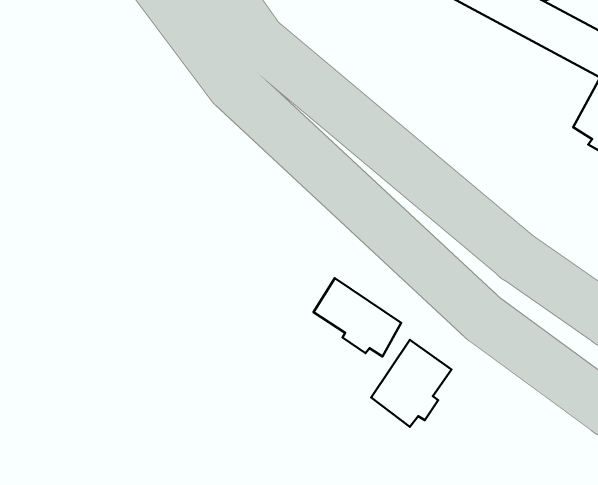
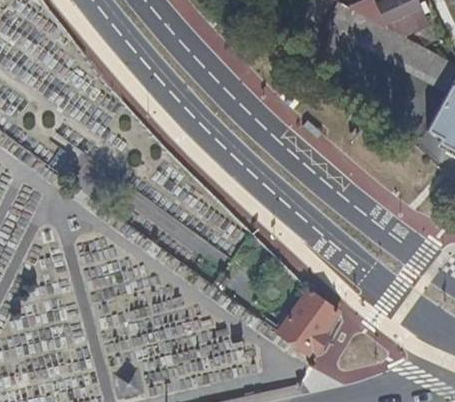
building: [314,278,401,356] -> none

